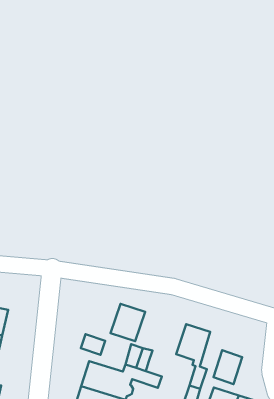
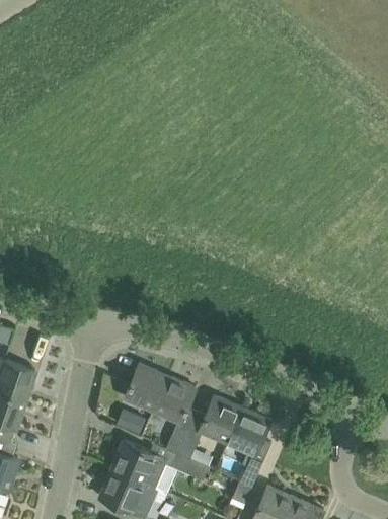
building: none -> [126,364,168,411]
building: none -> [200,396,243,443]
building: [213,350,242,384] -> none

